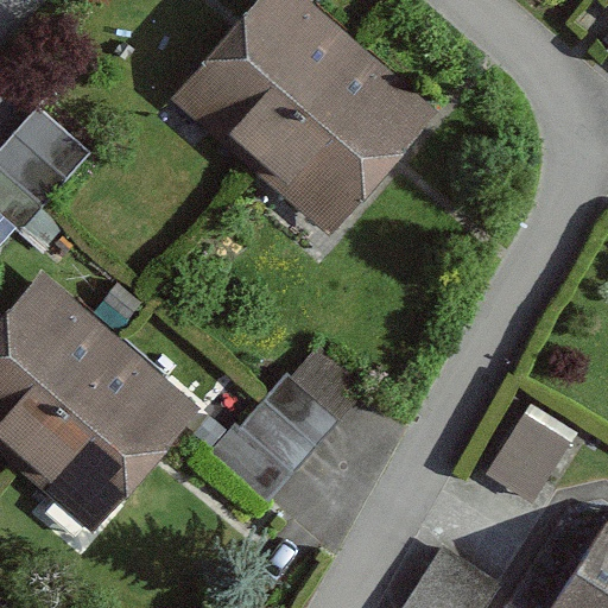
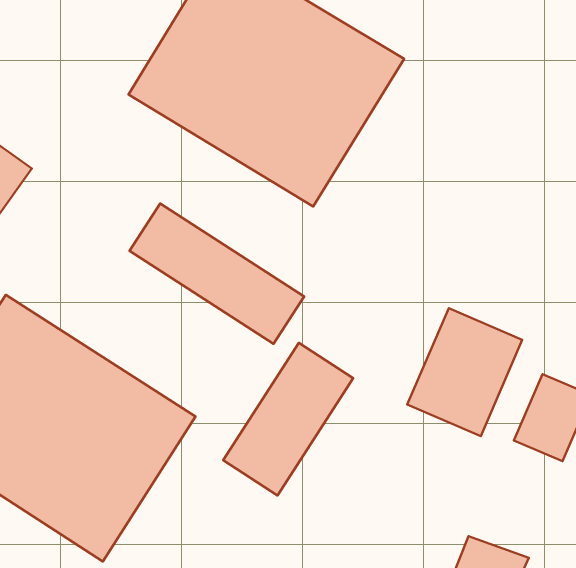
building: none -> [129,203,304,344]
building: none -> [407,308,522,436]

